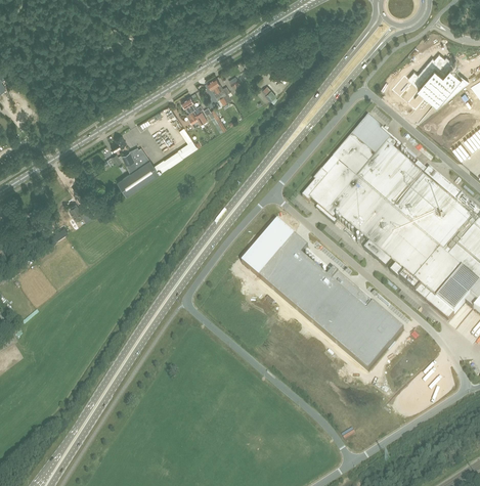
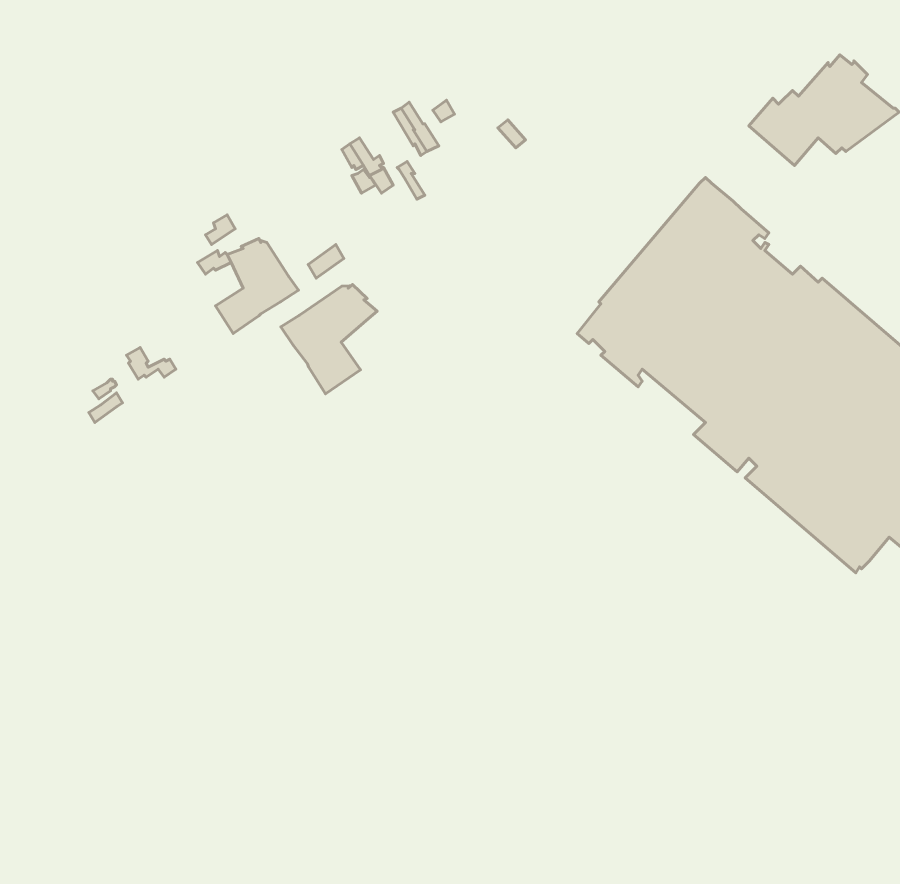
building: none -> [281,284,377,394]
building: [243,219,405,369] -> none

